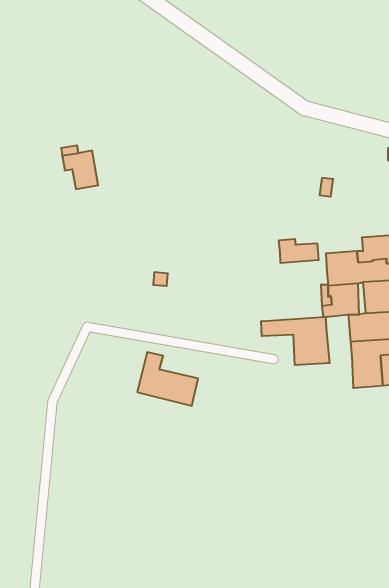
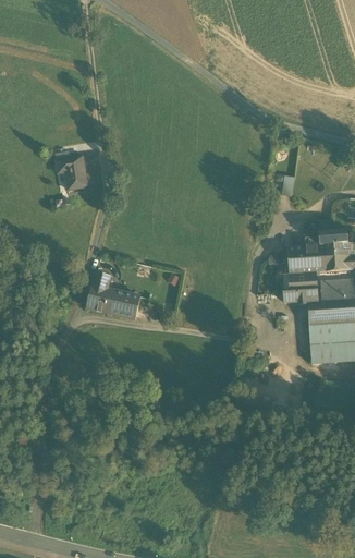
building: [279,239,318,263] -> none
building: [261,317,329,365] -> none
building: [137,352,198,406] -> [87,272,140,319]

